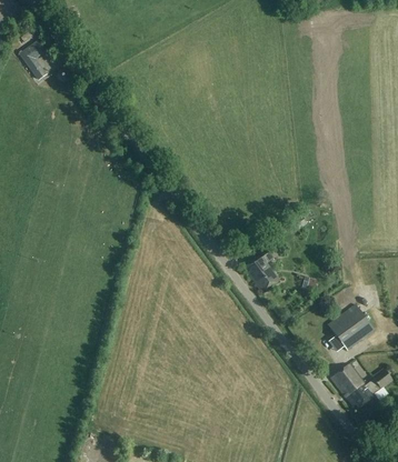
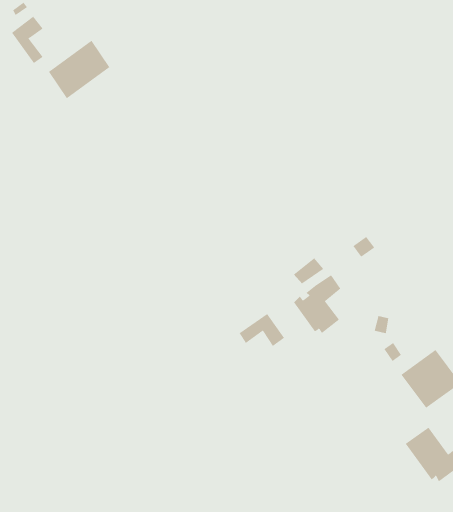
building: none -> [48,40,110,99]
building: none -> [239,313,285,347]

